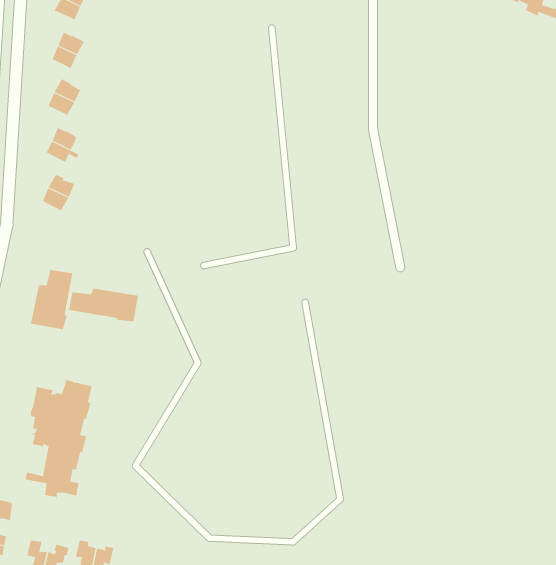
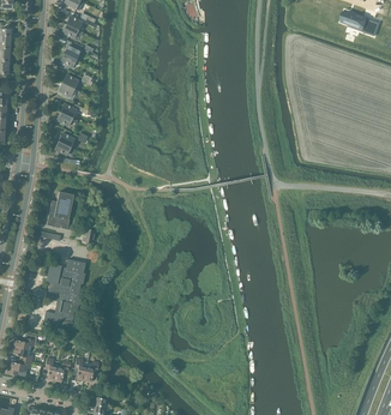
building: [69,288,139,322] -> none

